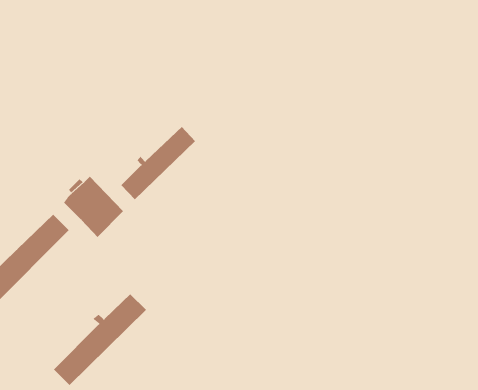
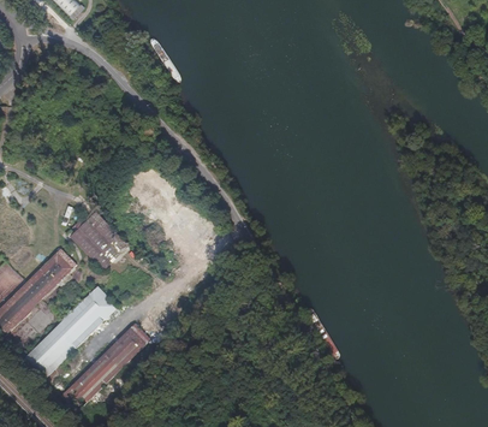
building: [121,126,196,200] -> none
building: none -> [23,285,117,378]

